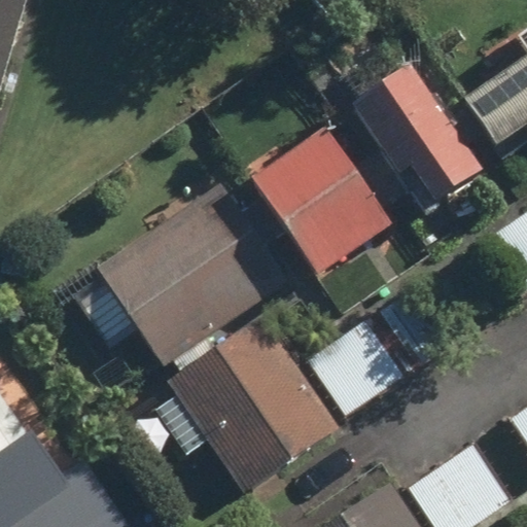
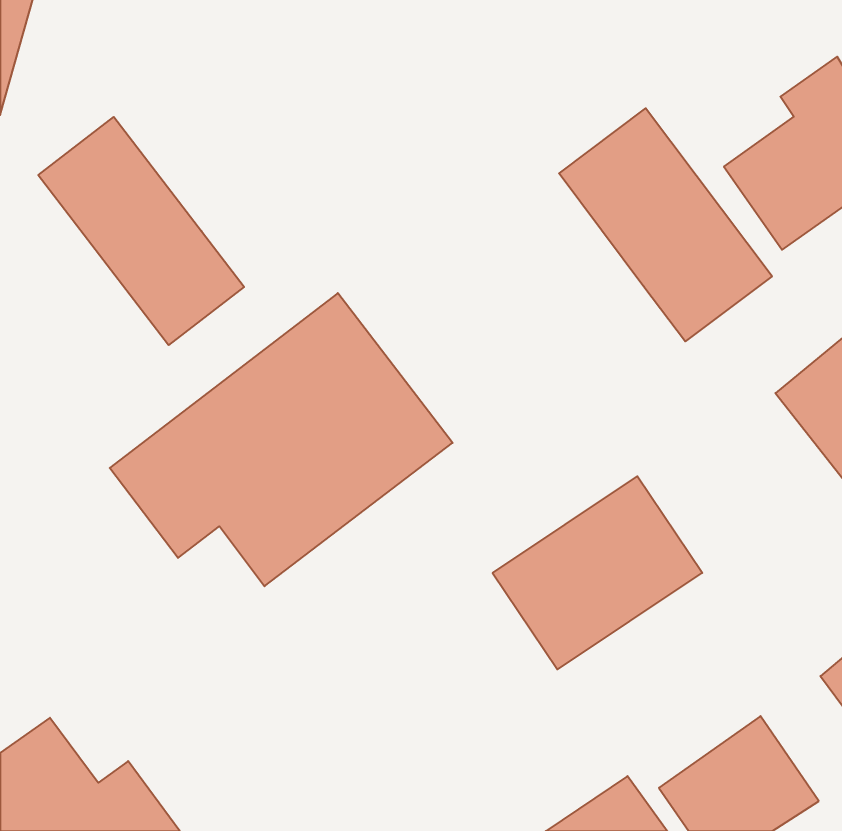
building: none -> [38,117,244,345]
building: [248,133,387,278] -> none
building: [171,312,346,490] -> none

